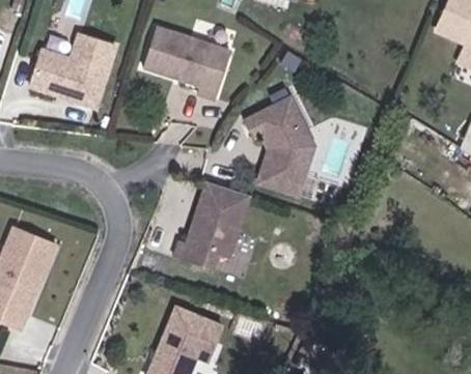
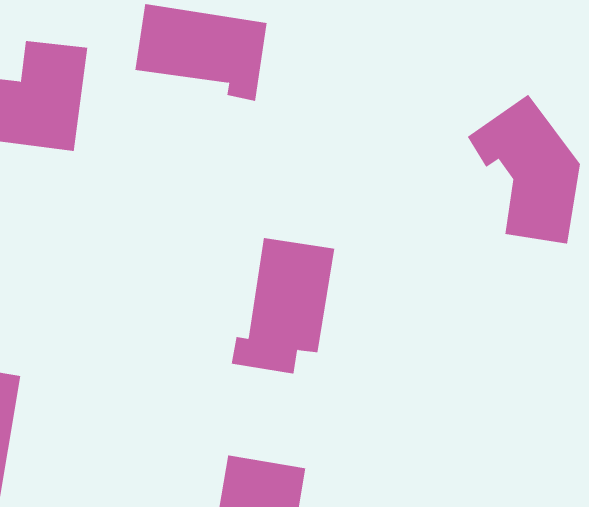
building: [248,92,316,189] -> [467,94,581,244]

